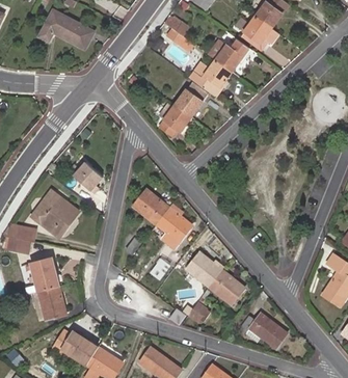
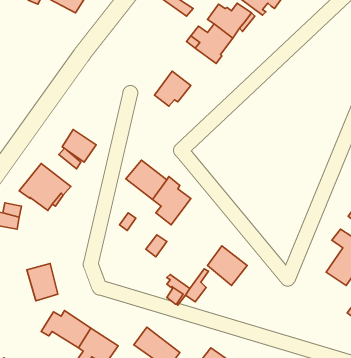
building: [176,82,209,117] -> none
building: [178,250,222,288] -> none
building: [31,256,60,292] -> none
building: [241,312,289,349] -> none

